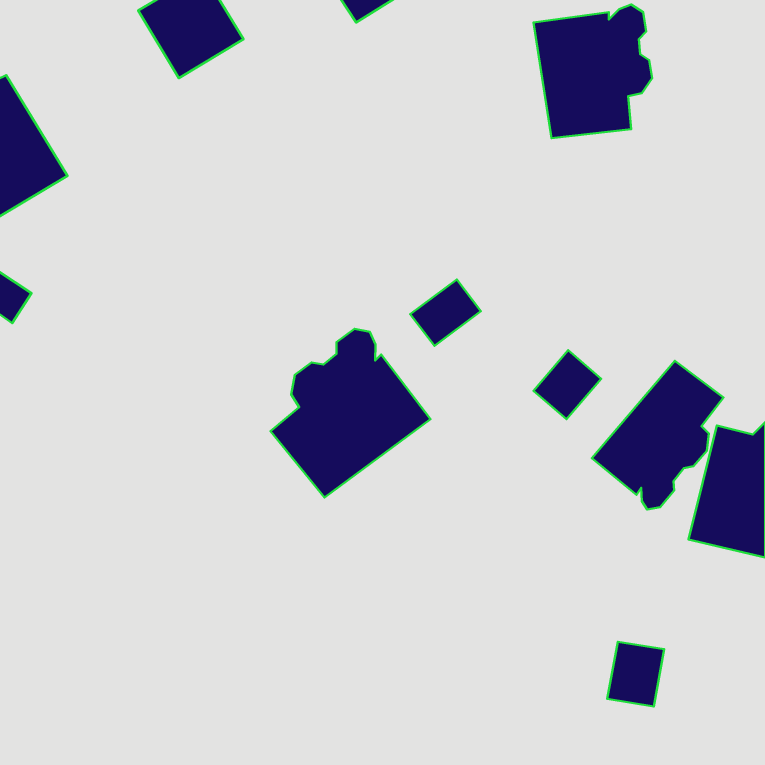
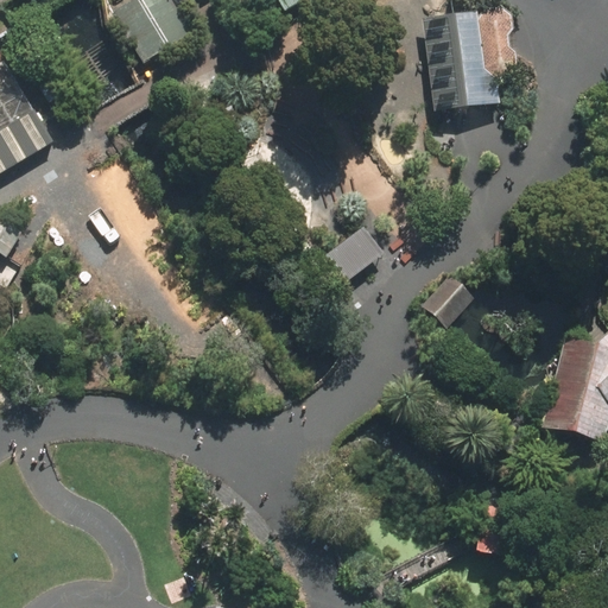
building: [270,329,431,498] -> none
building: [592,361,724,510] -> none

